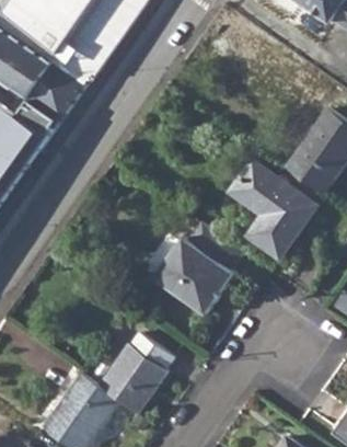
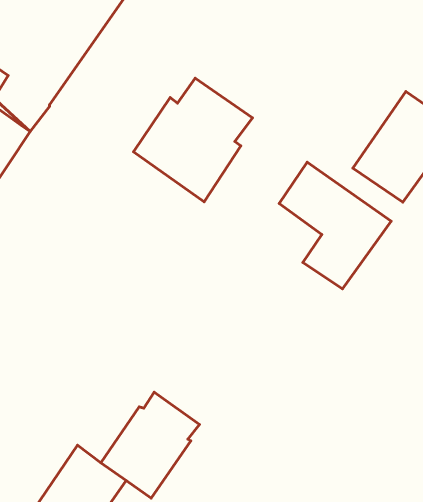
building: [152,222,241,314] -> [133,78,253,202]

